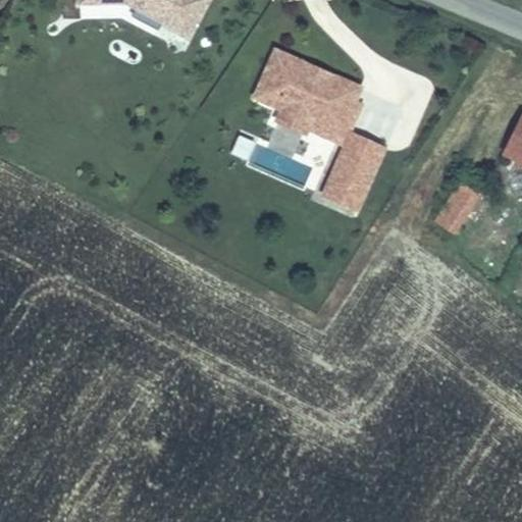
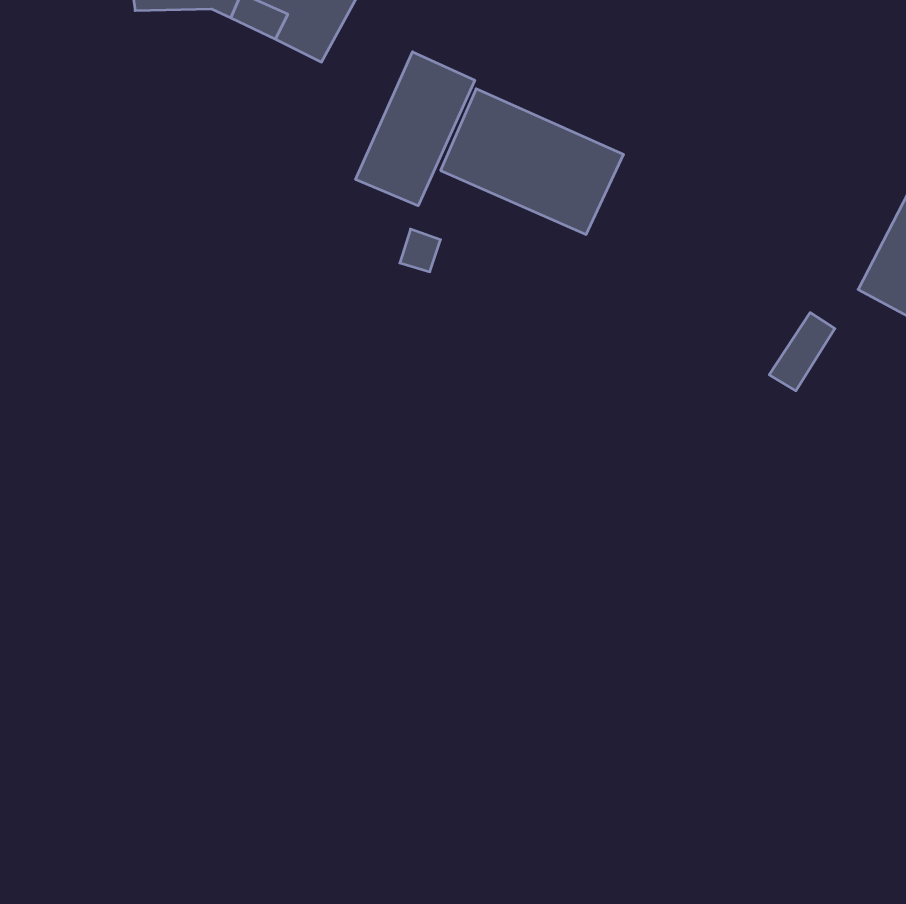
building: none -> [356,52,475,206]
building: [331,127,389,200] -> none

